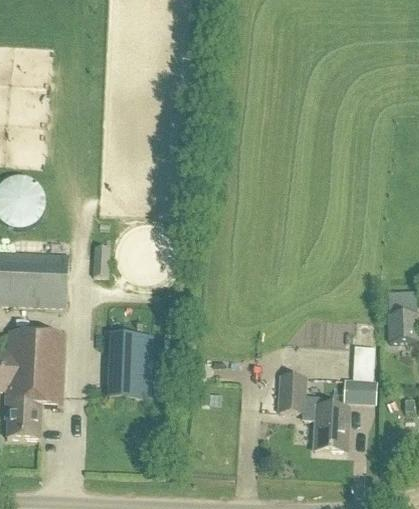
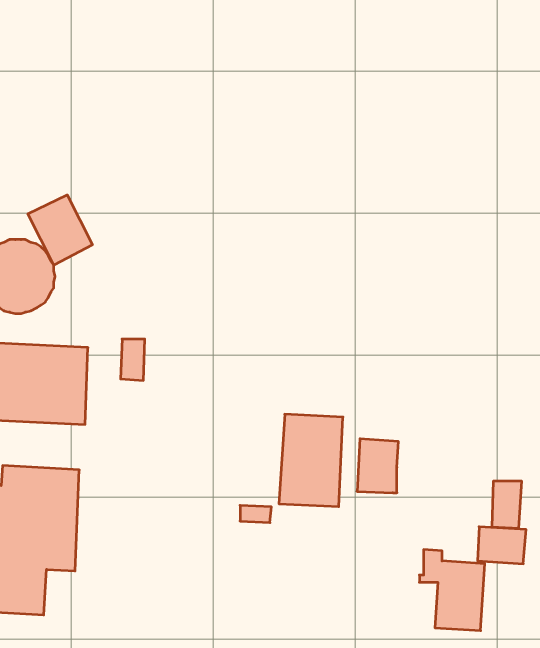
building: none -> [28,195,92,265]
building: [107,337,152,402] -> [279,414,343,507]
building: [277,373,306,411] -> [357,439,398,493]

